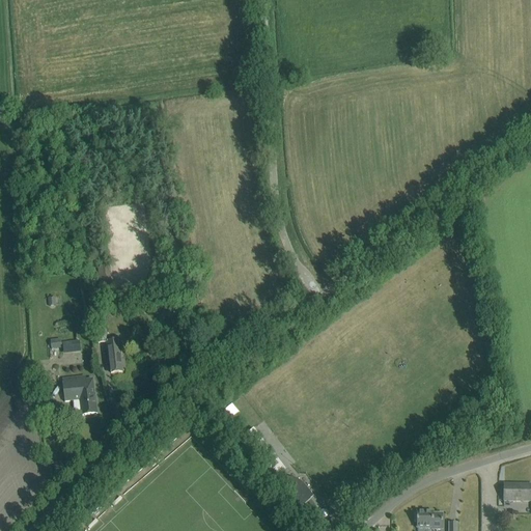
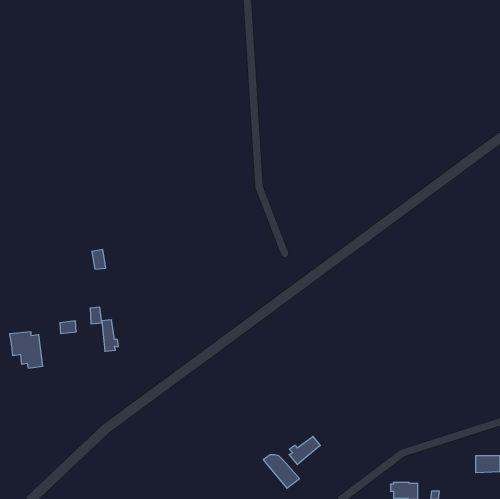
building: [62,376,97,415] -> [10,332,43,368]
building: none -> [289,436,320,465]

